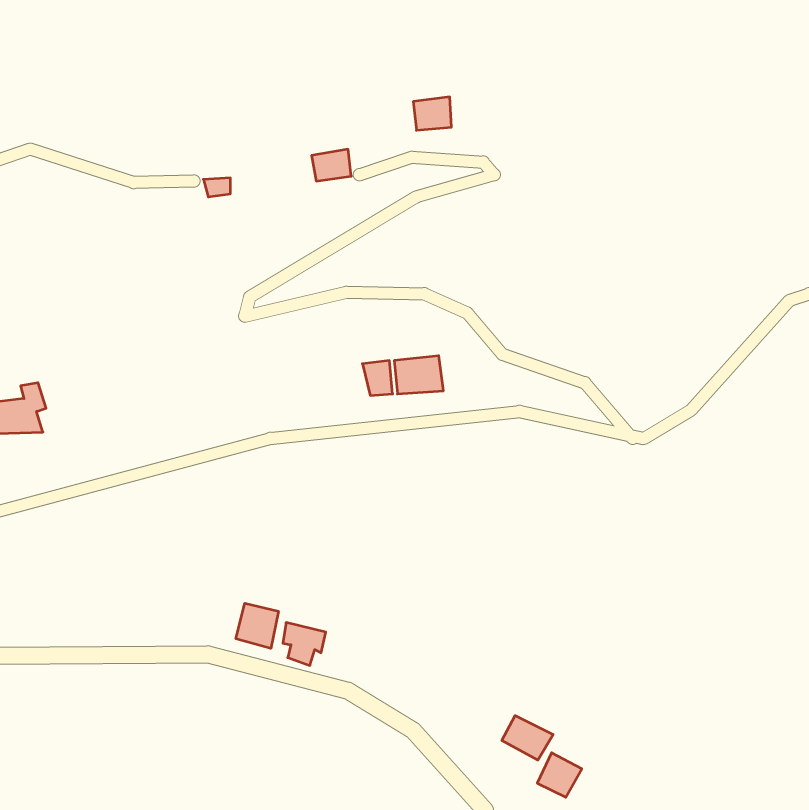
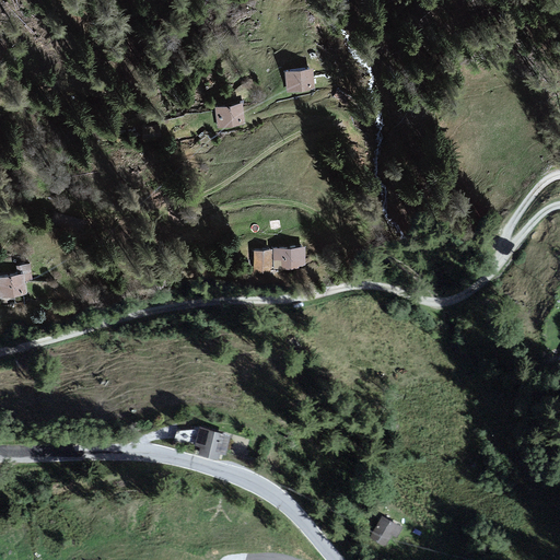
building: [236,603,278,648] -> none
building: [502,716,553,760] -> none

